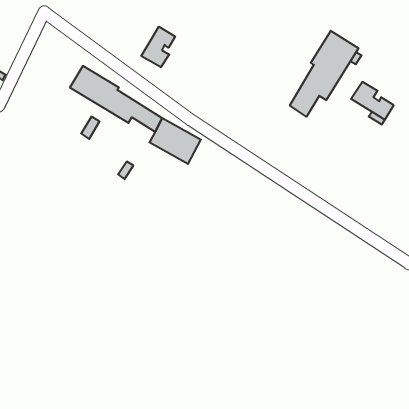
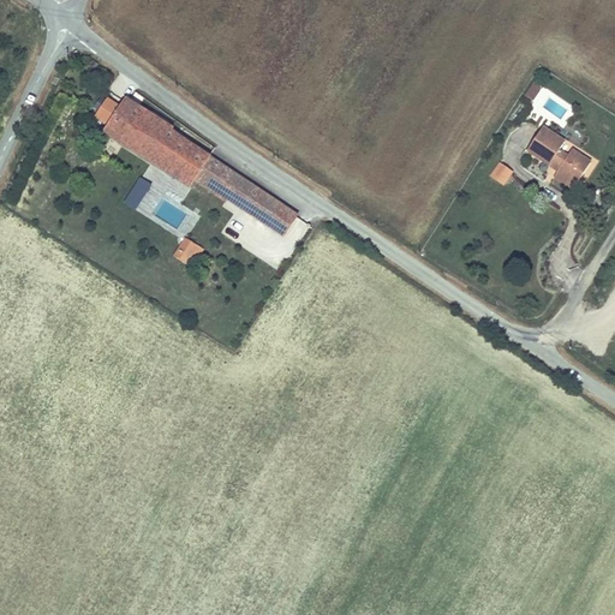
building: [141,27,175,67] -> none
building: [290,31,358,117] -> none

